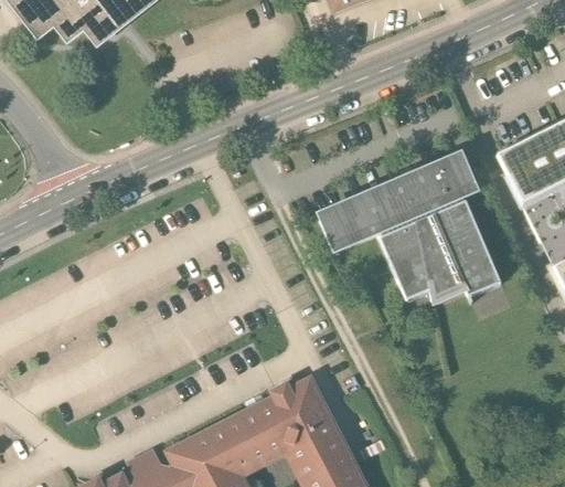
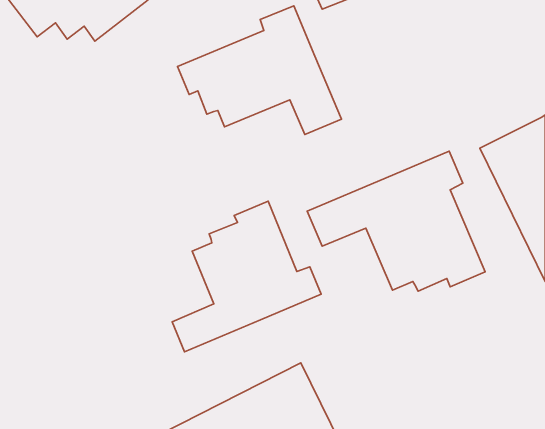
building: none -> [177,6,342,135]
building: none -> [172,201,321,352]

